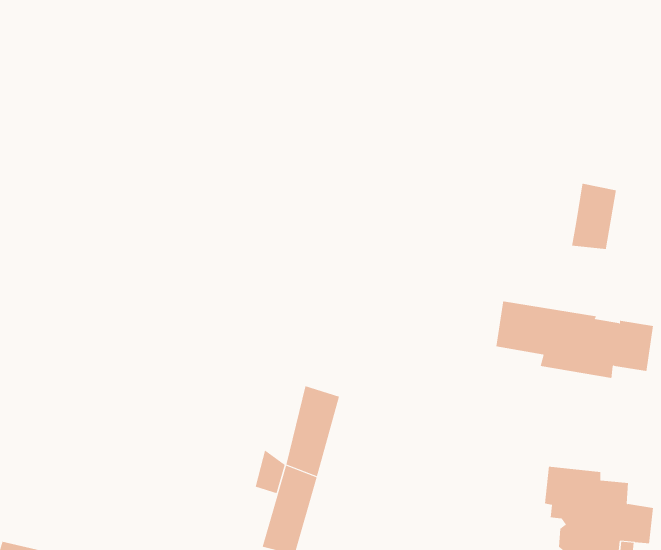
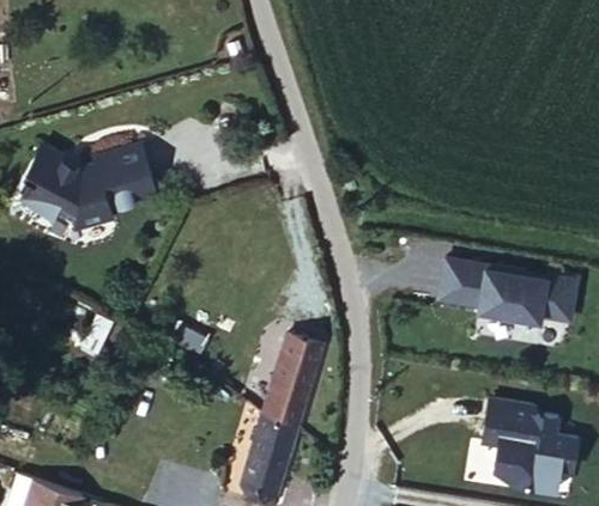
building: none -> [25,141,163,224]
building: [572,183,617,250] -> none

